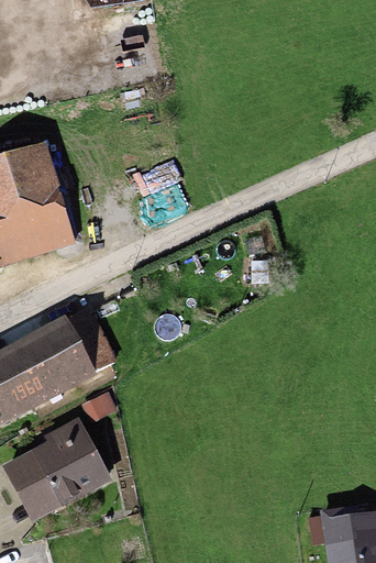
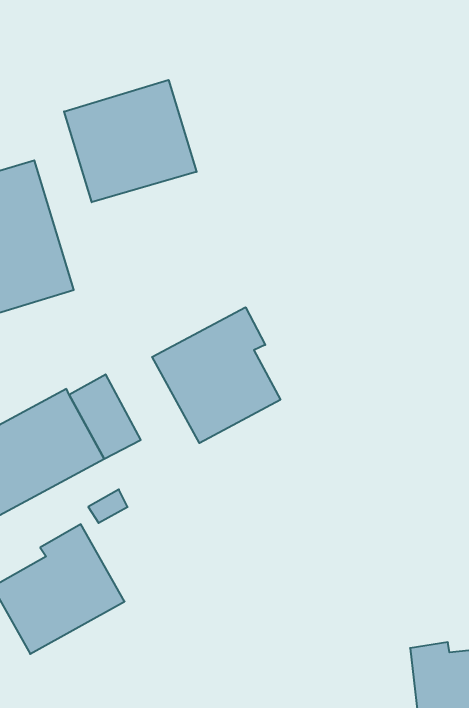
building: none -> [64,80,197,202]
building: none -> [152,307,280,443]

